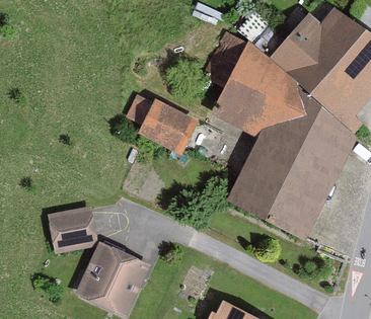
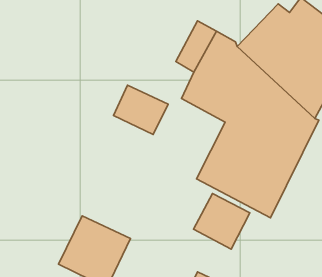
building: [48,204,98,251] -> none
building: none -> [193,194,250,249]

